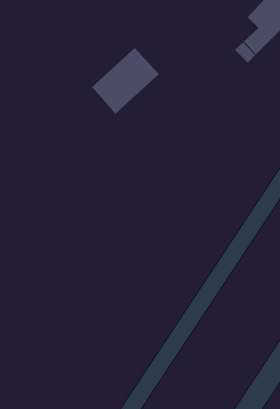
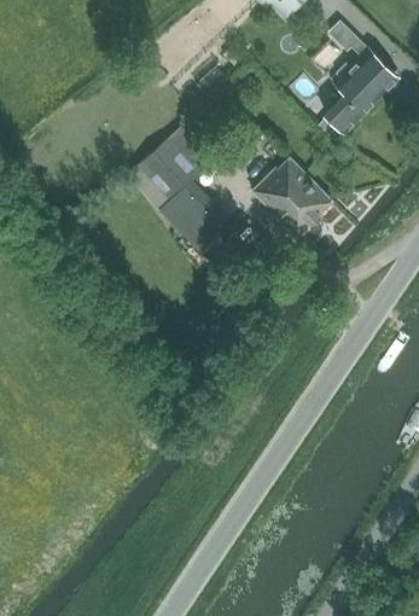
building: none -> [254,157,332,234]
building: none -> [158,196,216,251]

